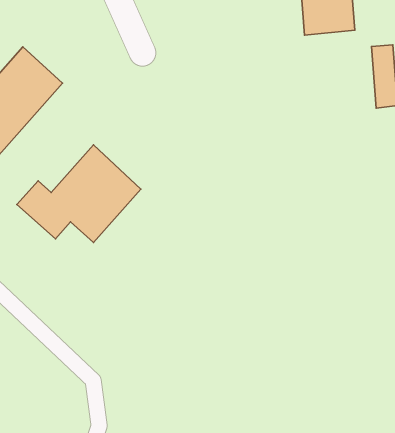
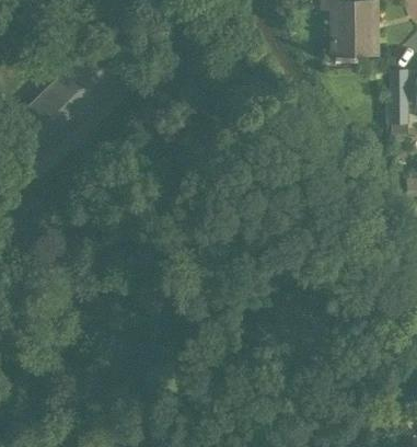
building: [17,145,141,242] -> none

